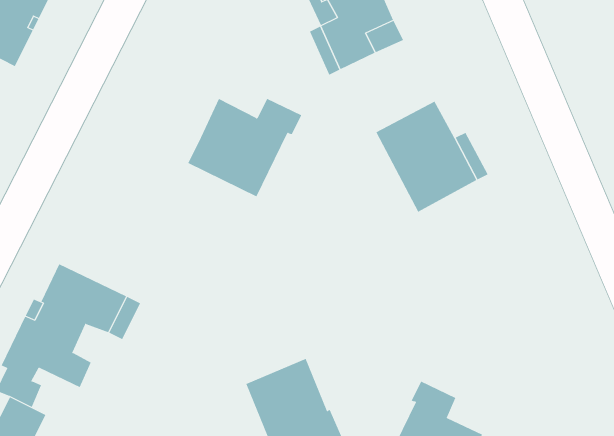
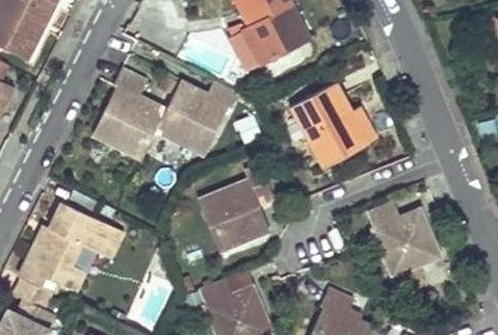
building: none -> [91,71,164,158]
building: none -> [199,163,270,250]
building: none -> [369,202,439,273]

